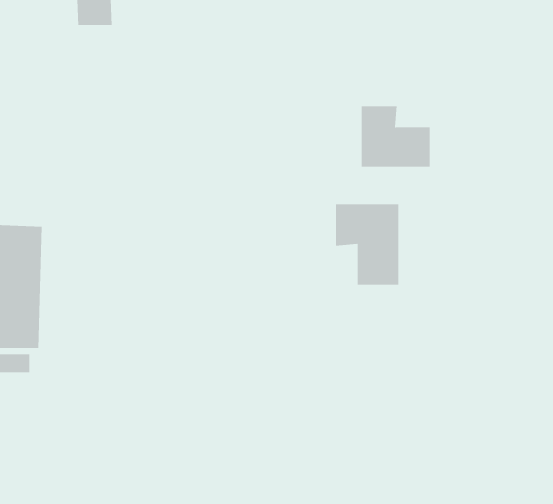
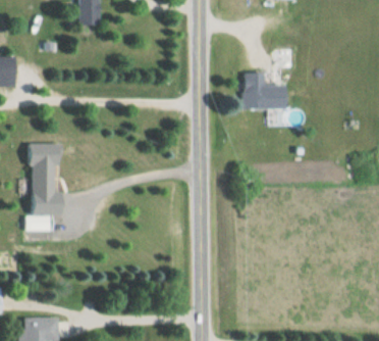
building: [335,203,399,285] -> none

